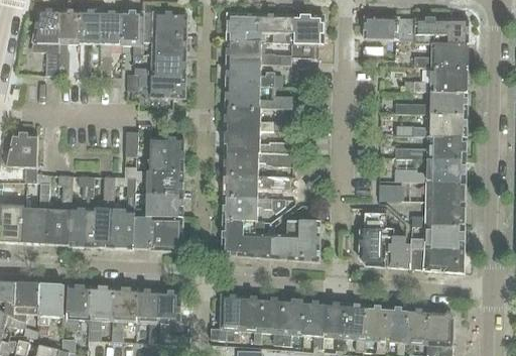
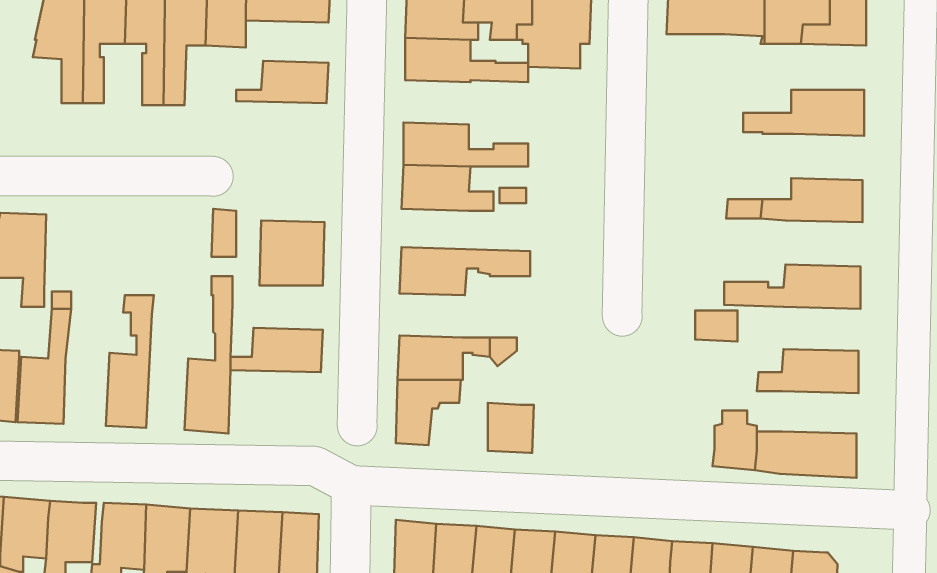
building: [142,32,185,54] -> none
building: [412,44,468,69] -> none
building: [225,64,273,87] -> none
building: [126,75,184,98] -> none
building: [393,92,467,116] -> none
building: [224,131,292,153] -> none
building: [393,137,466,161] -> none
building: [135,170,182,195] -> none
building: [223,175,289,199] -> none
building: [90,176,114,247] -> none
building: [424,183,465,206] -> none
building: [46,185,72,245] -> none
building: [358,214,392,266] -> none
building: [133,216,181,251] -> none
building: [286,220,319,261] -> none
building: [238,221,269,258] -> none
building: [410,227,464,249] -> none

